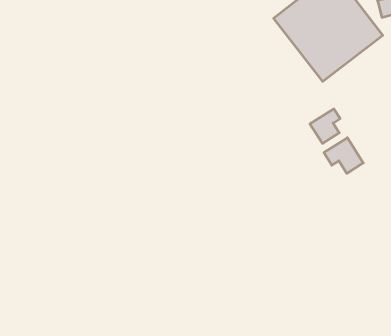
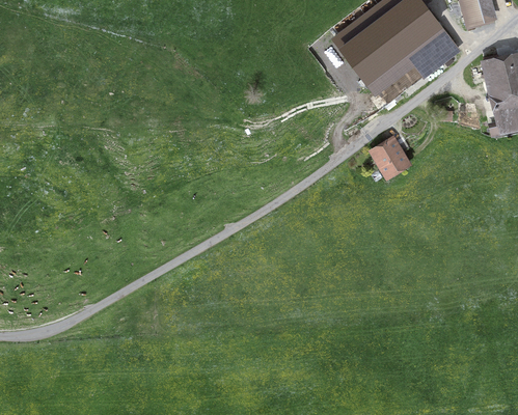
building: [324,138,363,173] -> none

